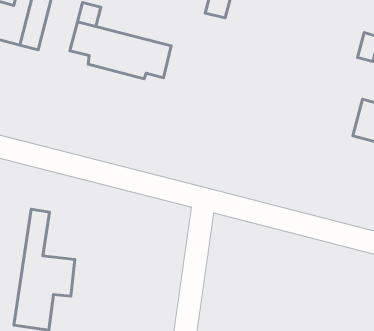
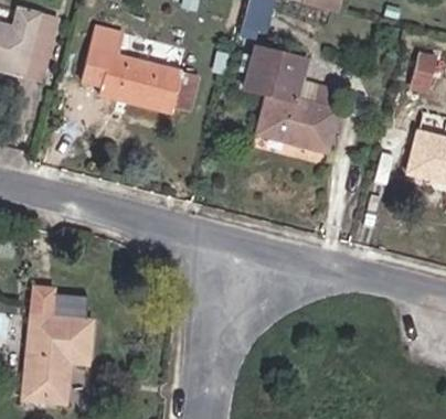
building: none -> [248,50,338,154]

